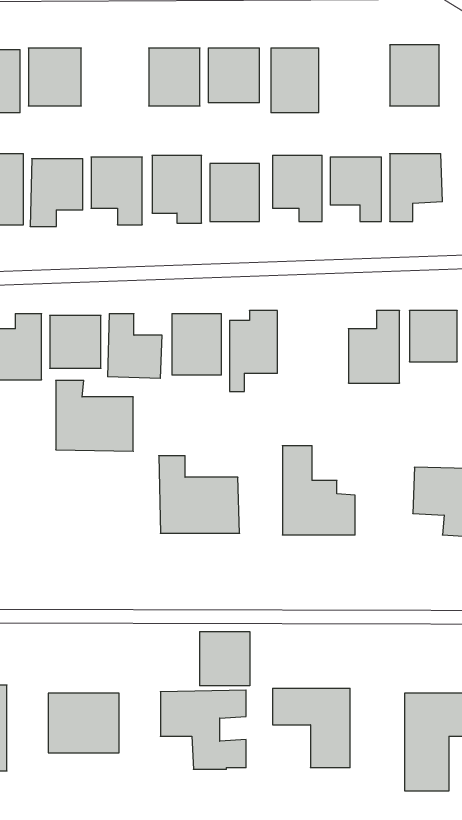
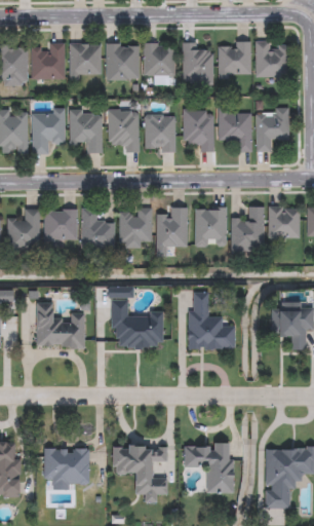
building: none -> [70,44,101,78]
building: none -> [218,44,251,78]
building: none -> [195,209,226,247]
building: [56,380,133,451] -> [36,302,84,346]
building: [200,632,250,686] -> none

